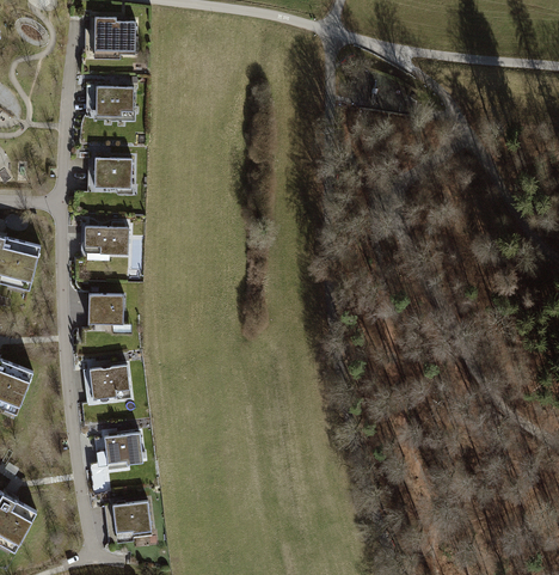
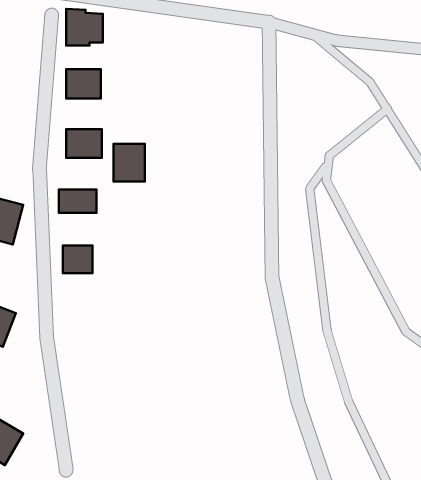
building: none -> [114,144,145,181]
building: [86,363,129,400] -> none
building: [100,430,141,463] -> none
building: [109,500,149,534] -> none

